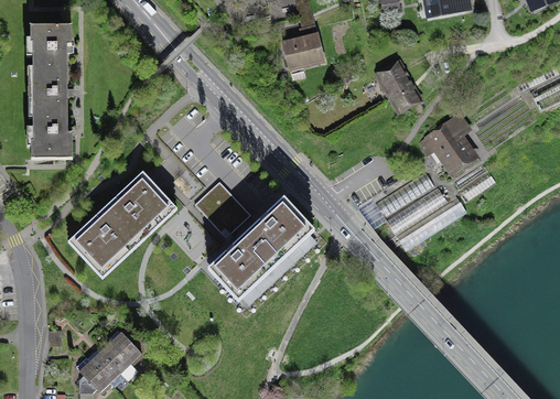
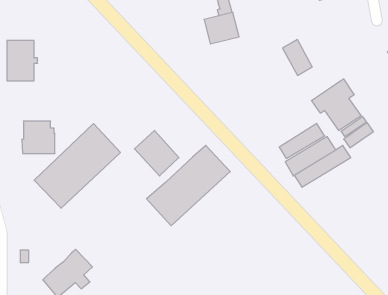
building: [31,25,72,66] -> none
building: [31,117,73,158] -> [22,121,55,153]

